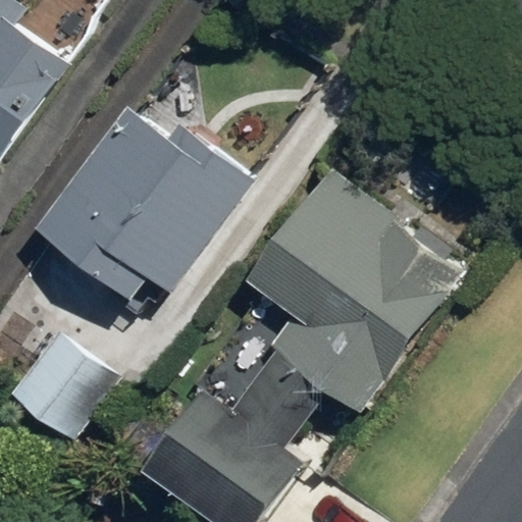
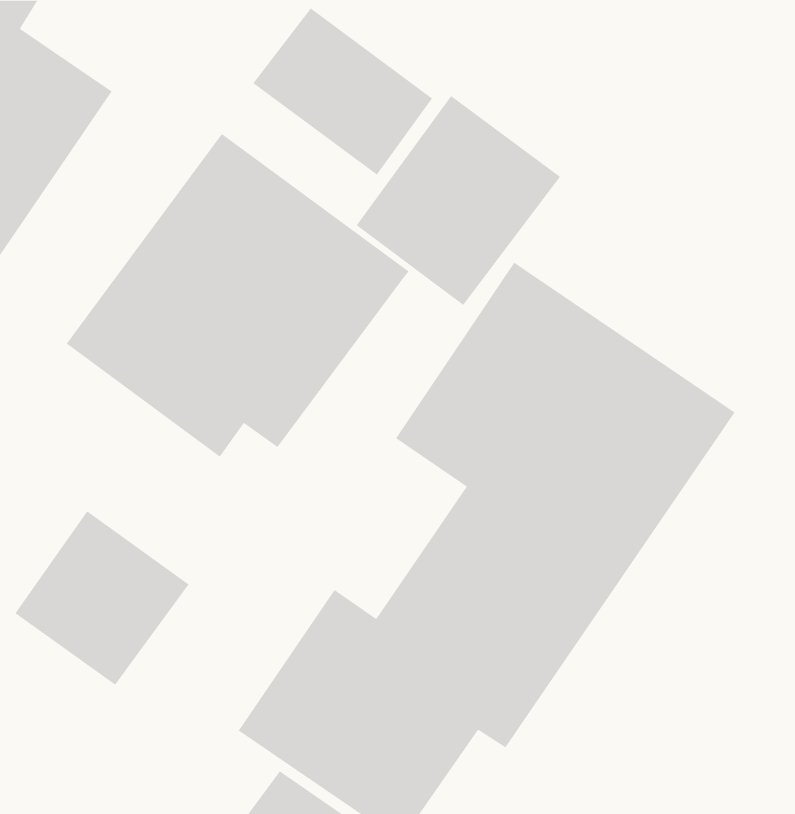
building: none -> [252,7,433,175]
building: none -> [356,95,561,306]

